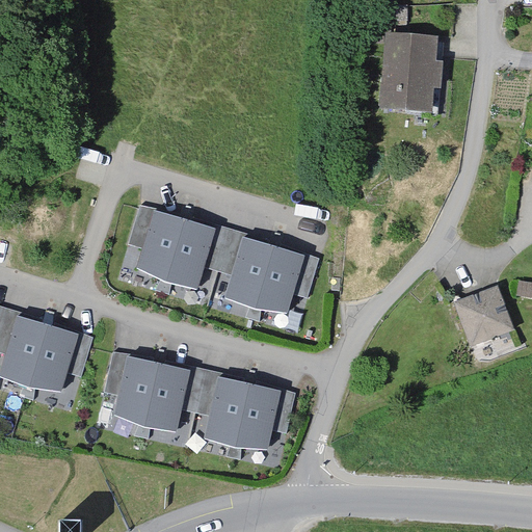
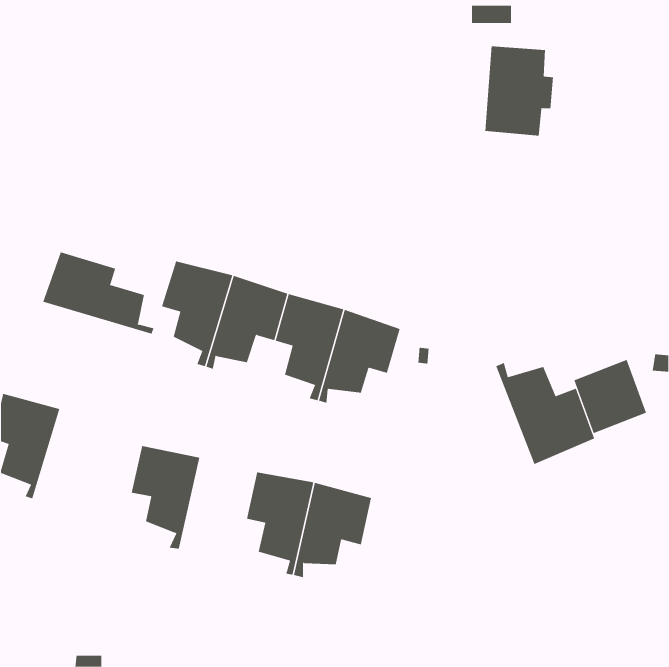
building: none -> [43,252,154,335]
building: none -> [496,362,595,465]
building: [26,324,92,398] -> none
building: [142,363,204,437] -> none

